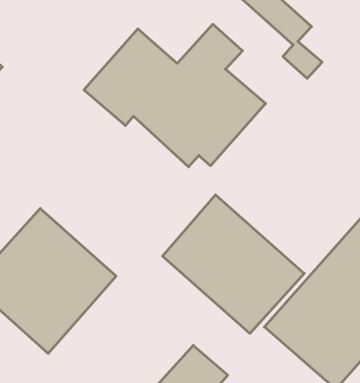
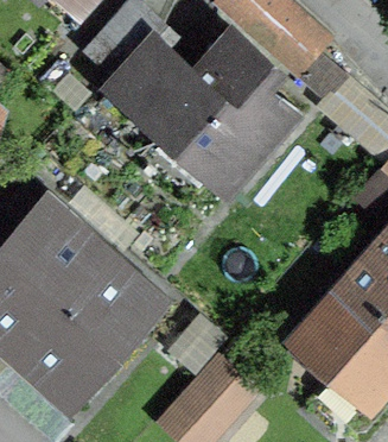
building: [163,195,304,333] -> none

